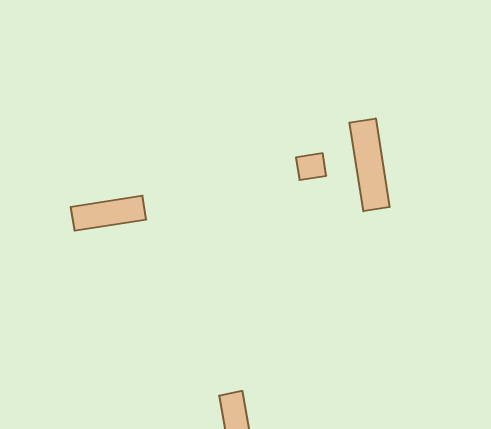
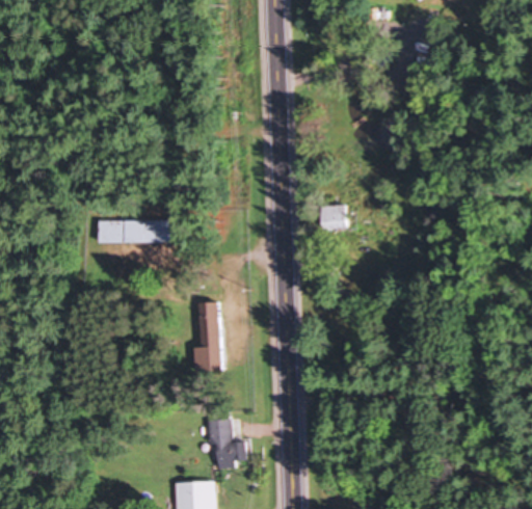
building: [349,118,390,211] -> none
building: none -> [196,301,220,371]

